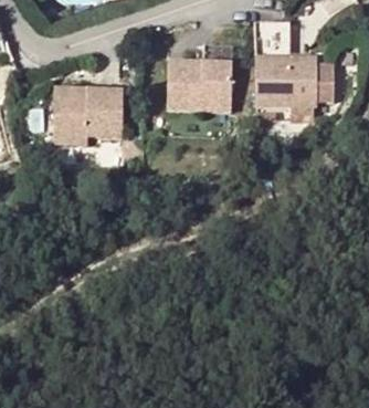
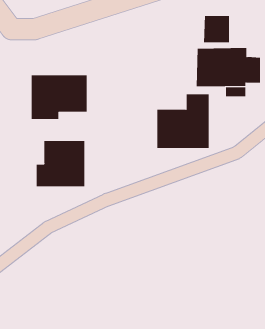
building: [168,46,232,113] -> [157,94,210,148]
building: none -> [36,140,85,187]

